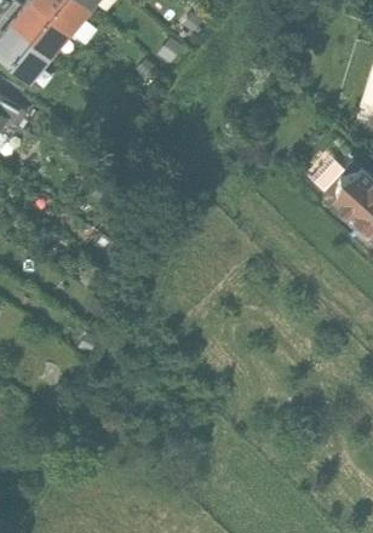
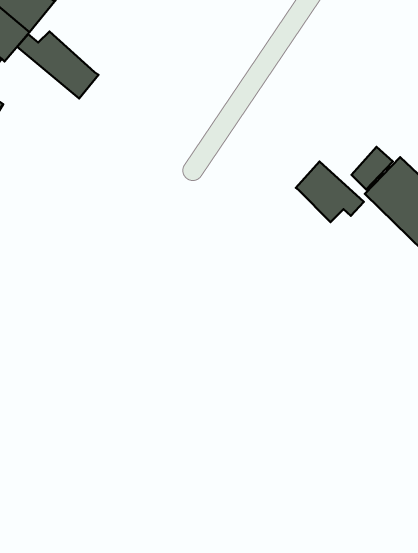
building: none -> [17,32,98,99]
building: none -> [296,161,364,222]

